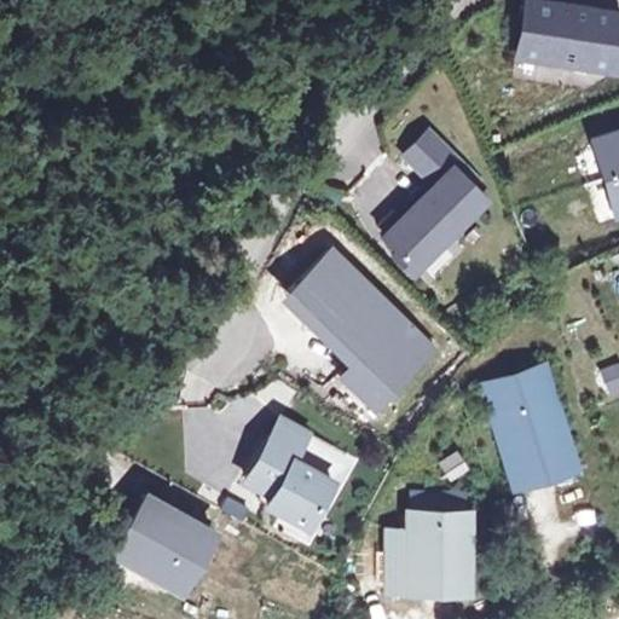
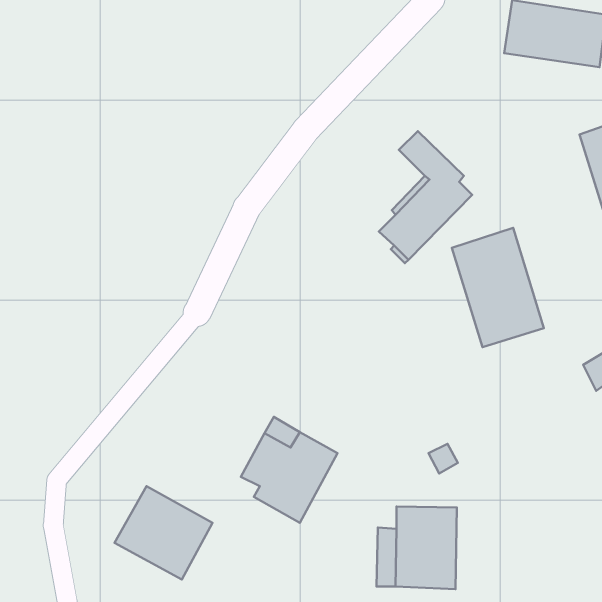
building: [288,249,433,409] -> none
building: [482,364,577,486] -> [452,228,544,347]

